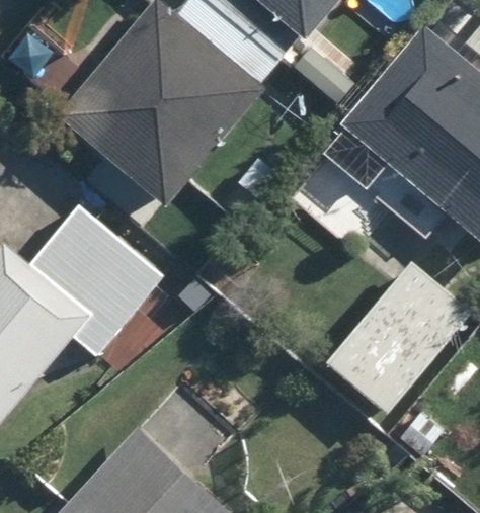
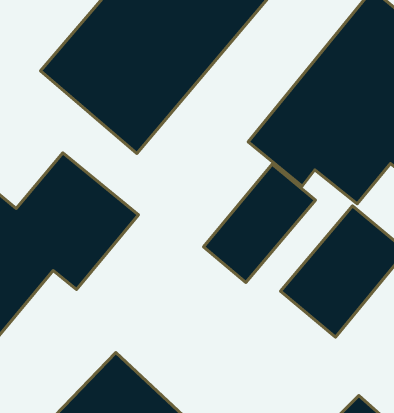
building: none -> [204,164,315,282]

